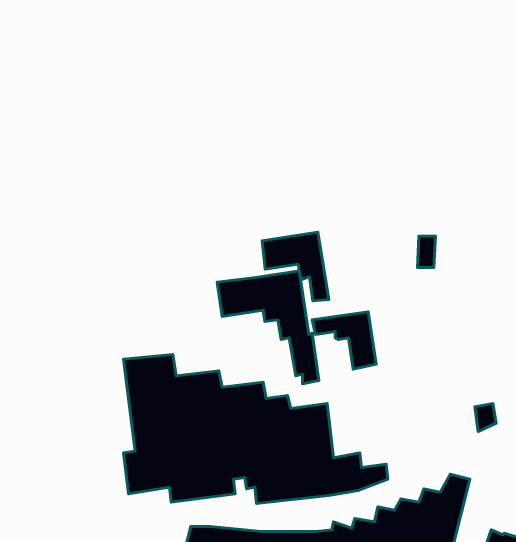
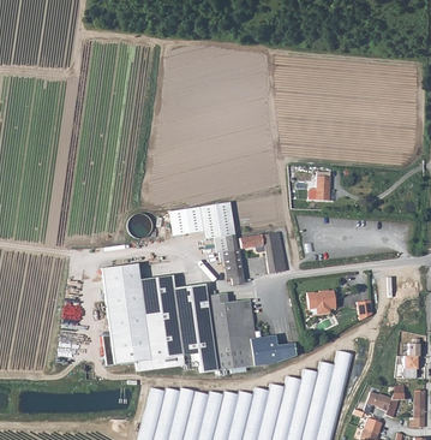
building: [262,232,329,301] -> none
building: none -> [306,291,336,315]

